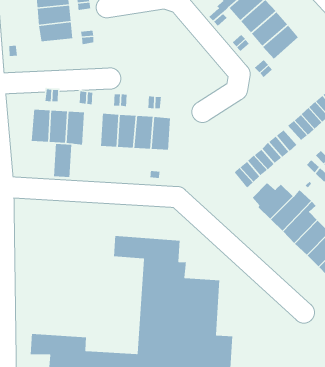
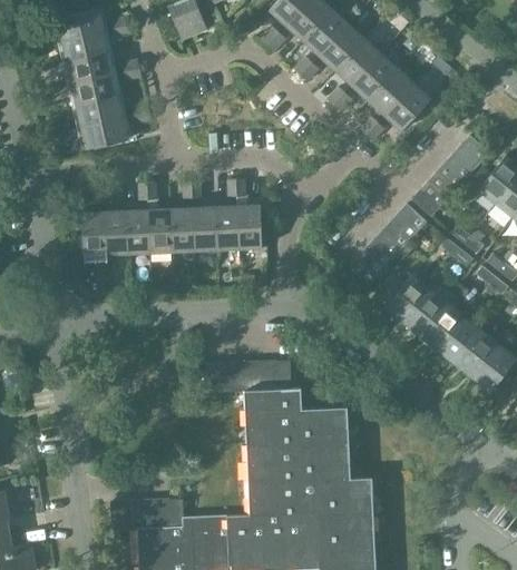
building: none -> [384,83,431,131]
building: none -> [81,118,128,150]
building: [53,143,72,178] -> [148,209,173,254]

